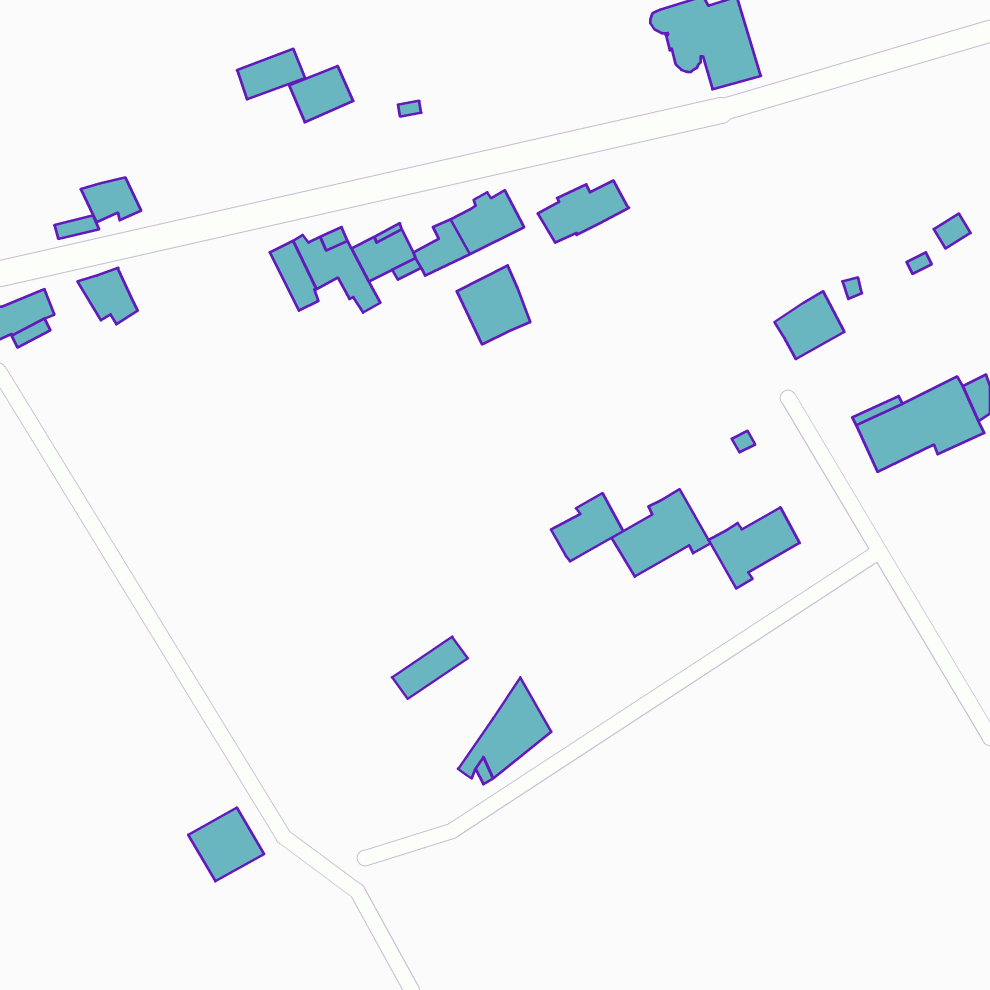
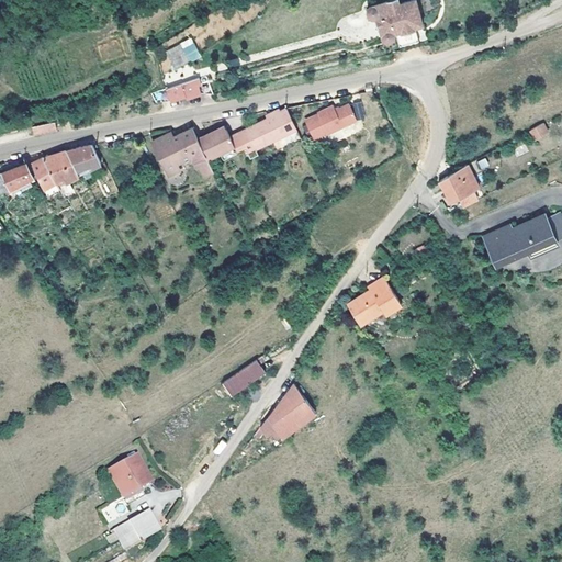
building: [237,49,305,99] -> [164,77,202,105]
building: [81,178,141,222] -> [67,146,101,171]
building: [457,265,530,344] -> none
building: none -> [30,158,59,194]
building: [551,493,623,561] -> none
building: [708,507,800,588] -> none
building: none -> [112,513,157,551]

